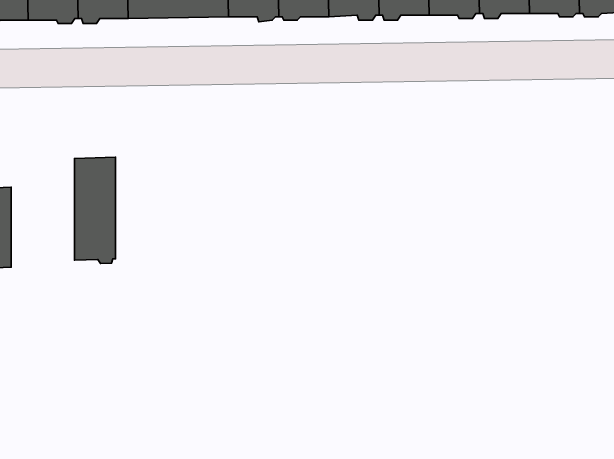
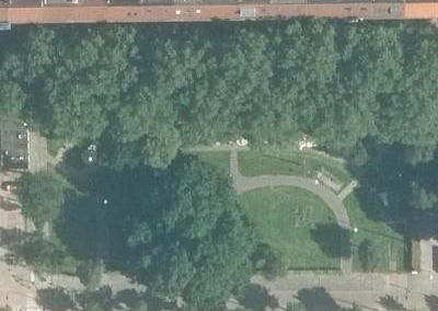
building: [74,157,116,264] -> none

